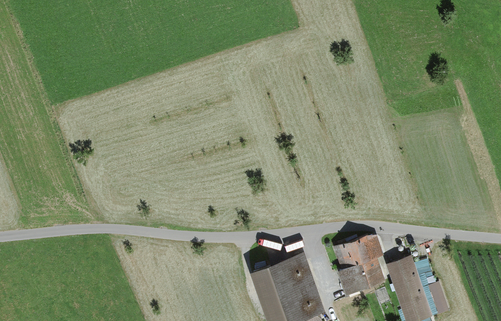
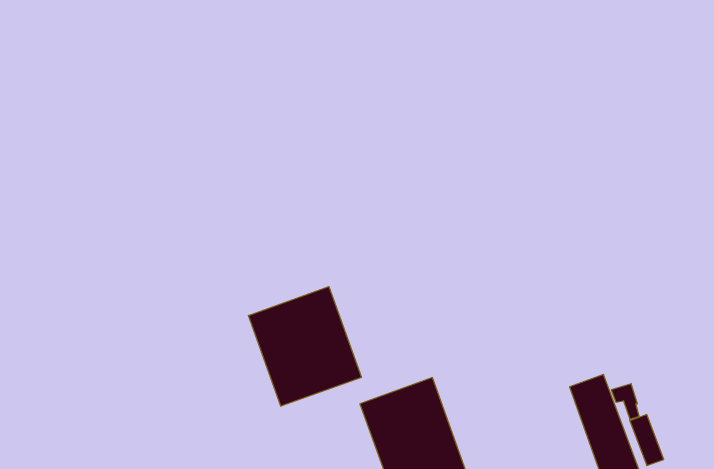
building: none -> [248,287,362,406]
building: [330,239,383,293] -> none

